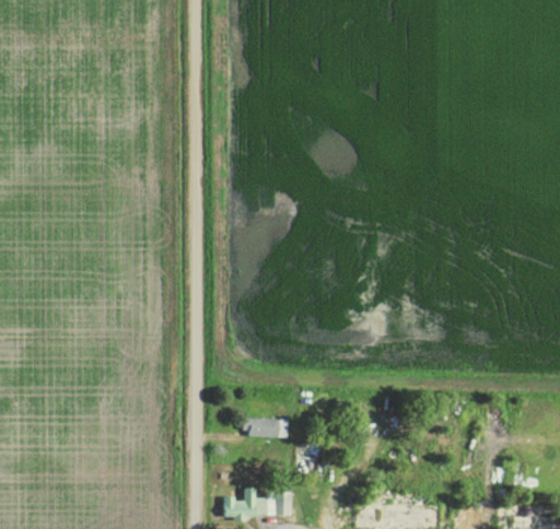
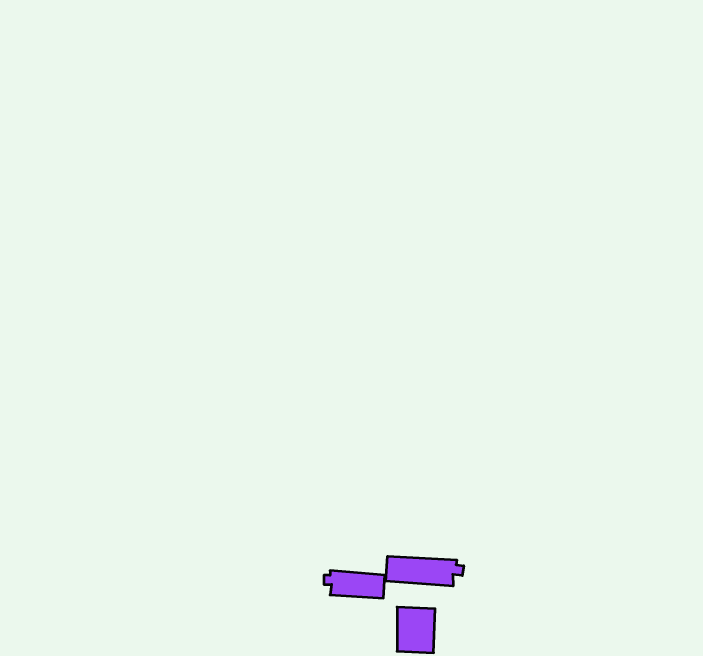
building: none -> [386,556,464,586]

